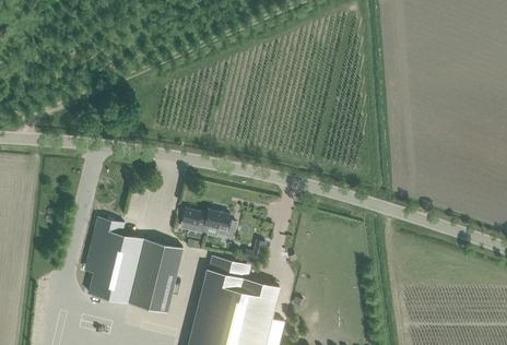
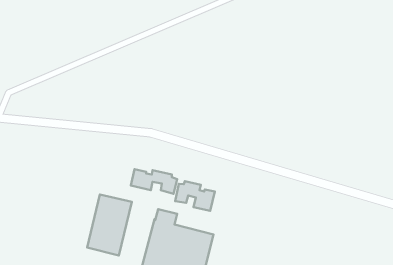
building: [84,217,142,304] -> none
building: none -> [175,181,215,211]

